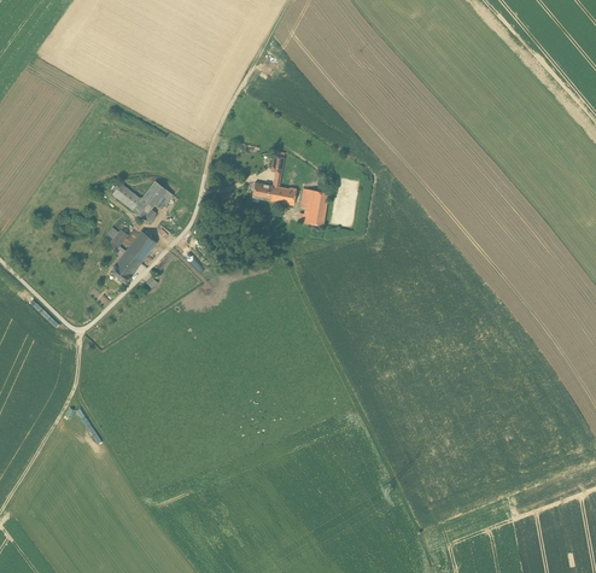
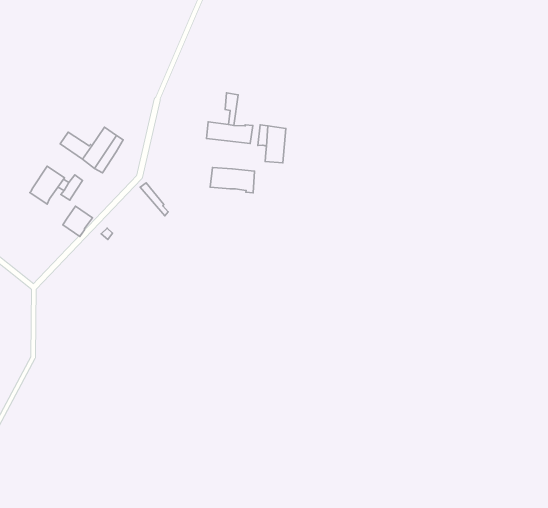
building: none -> [210,167,254,193]
building: [122,229,156,265] -> [30,166,64,204]

